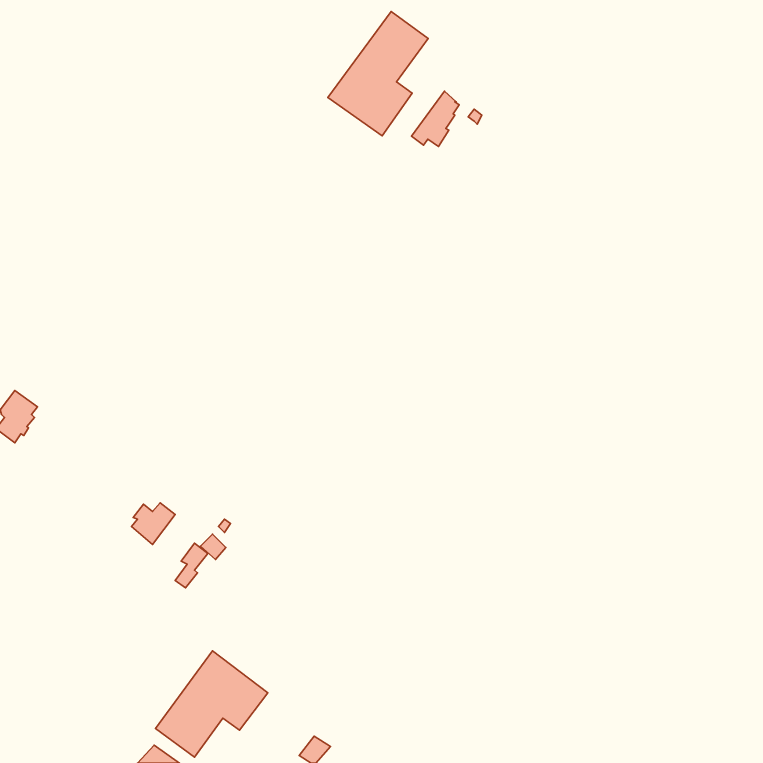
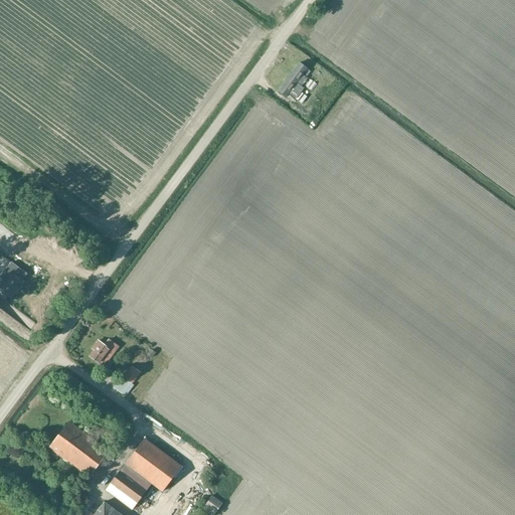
building: [328,11,428,136] -> none
building: none -> [48,420,108,478]

